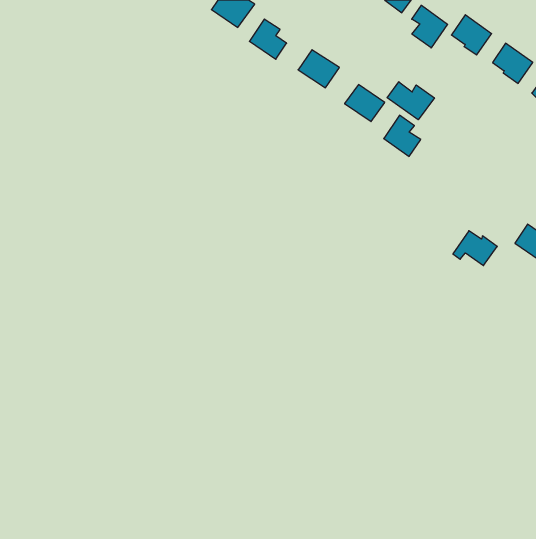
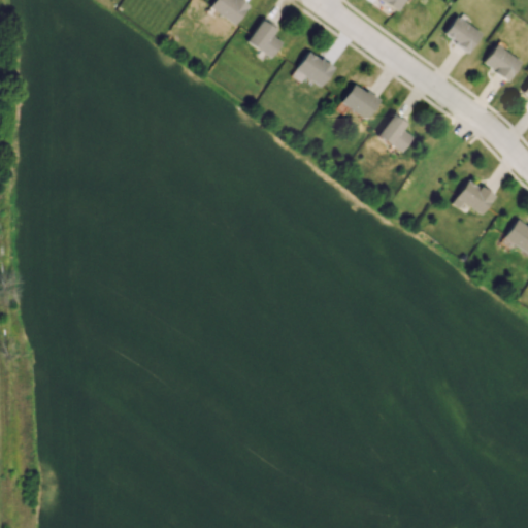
building: [412,5,448,48] -> none
building: [387,82,434,120] -> none
building: [453,231,497,266] -> [453,180,496,214]

